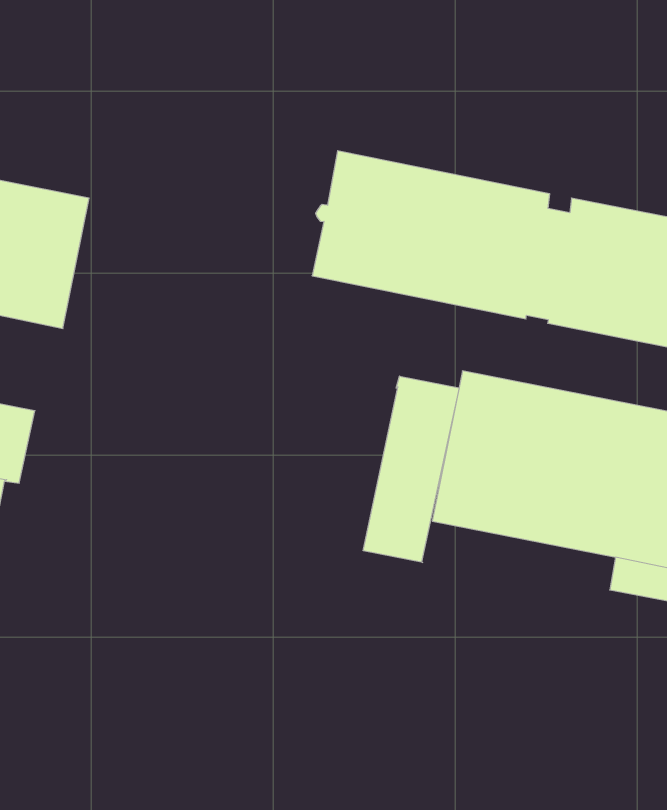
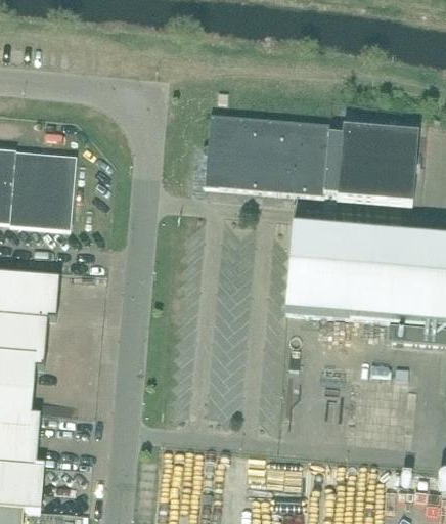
building: [363,376,459,562] -> none

